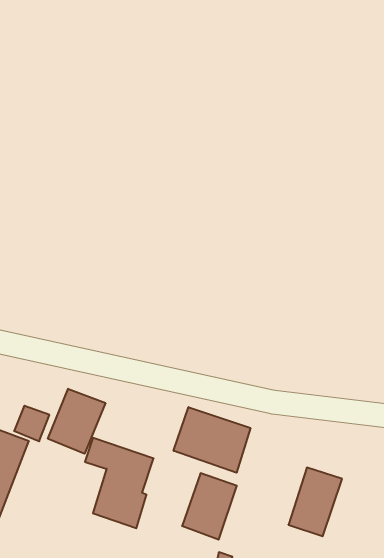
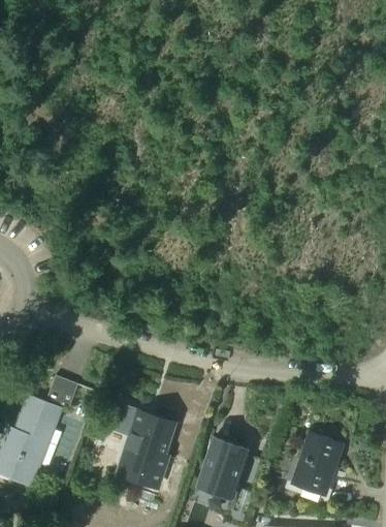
building: [48,389,105,454] -> none
building: [174,407,250,473] -> none

